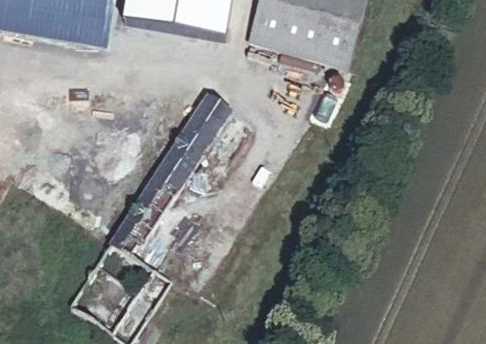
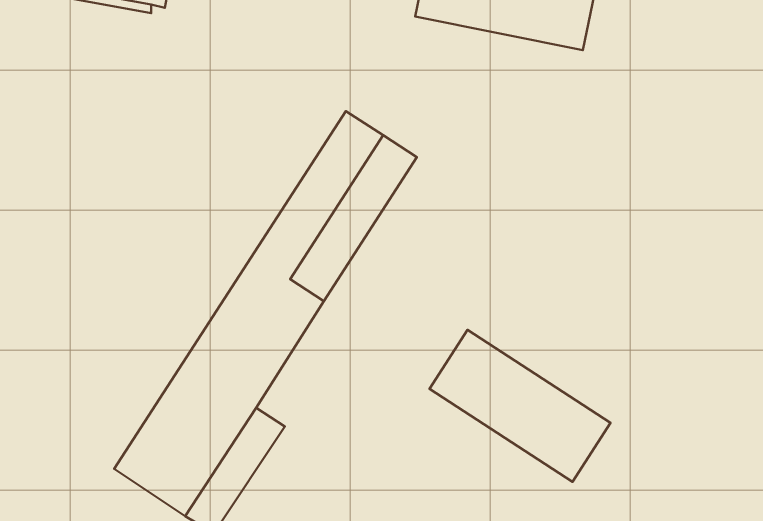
building: none -> [430,330,611,482]

